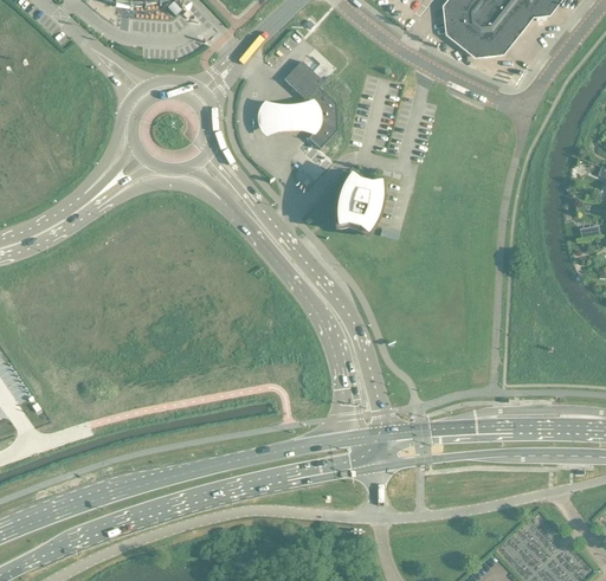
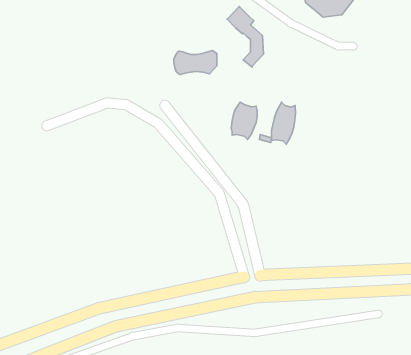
building: [284,58,337,147] -> [227,6,263,67]
building: none -> [271,102,296,144]

